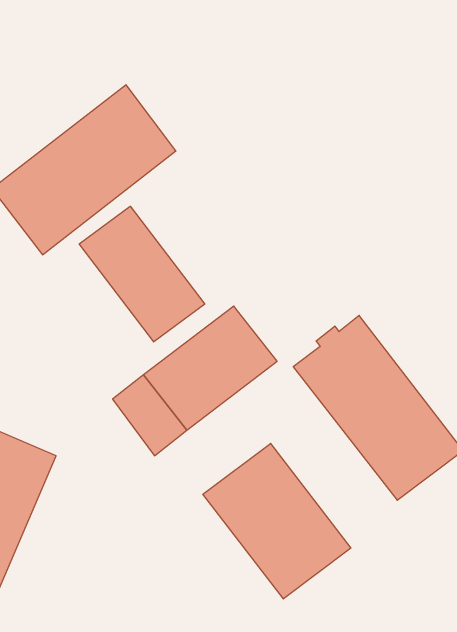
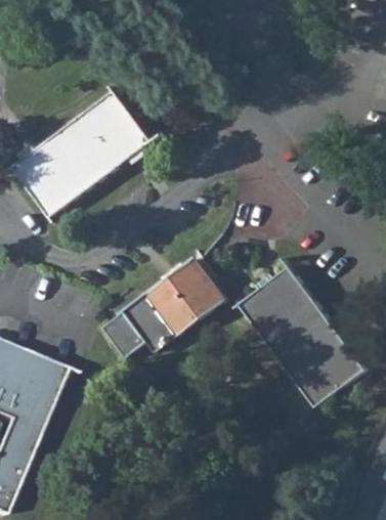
building: [79,206,205,342] -> none
building: [203,443,351,599] -> none

